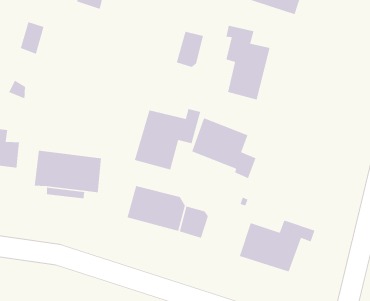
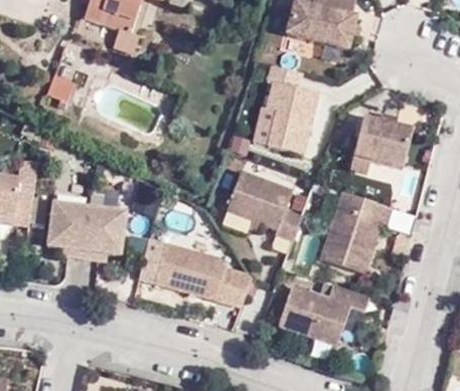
building: [176,31,204,68] -> none
building: none -> [352,114,413,168]
building: [134,108,201,171] -> none
building: none -> [322,190,394,272]

